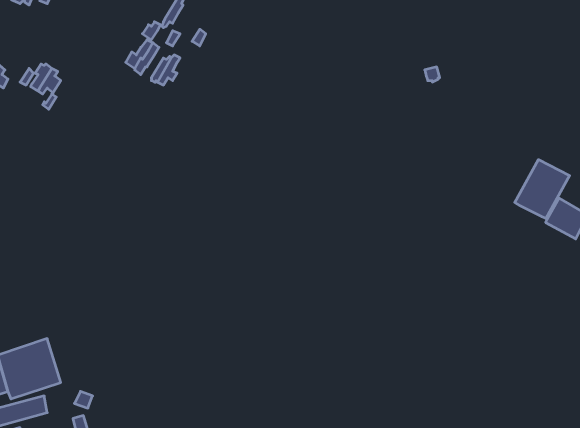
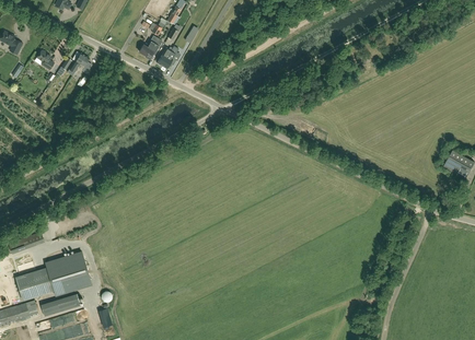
building: [515,160,570,218] -> none

